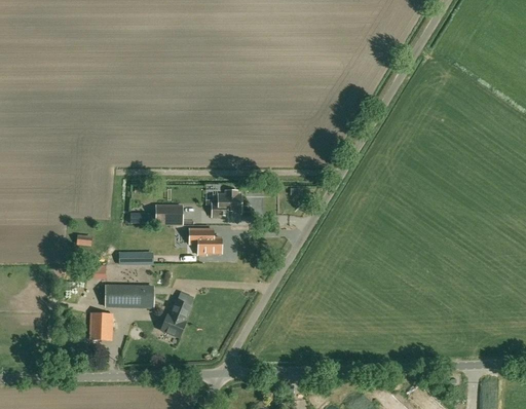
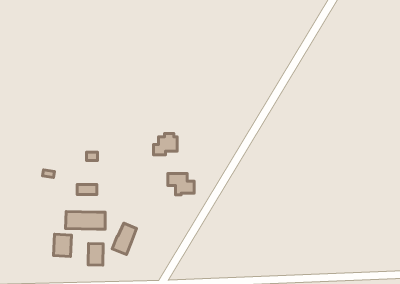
building: [155,204,183,225] -> none
building: [189,229,221,255] -> [168,174,194,195]
building: none -> [88,244,103,265]

